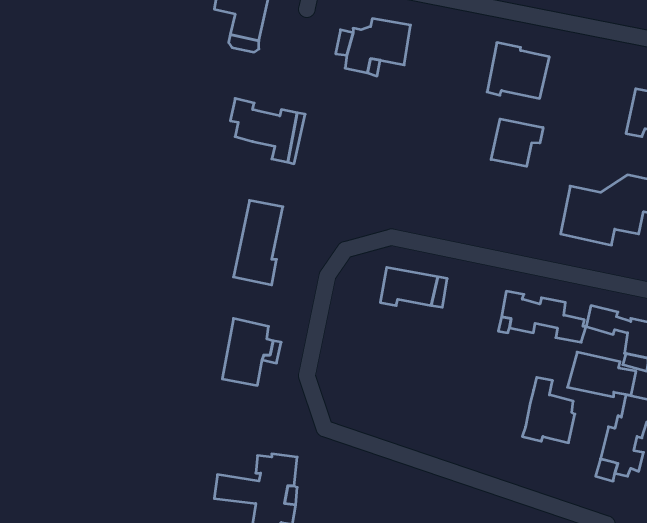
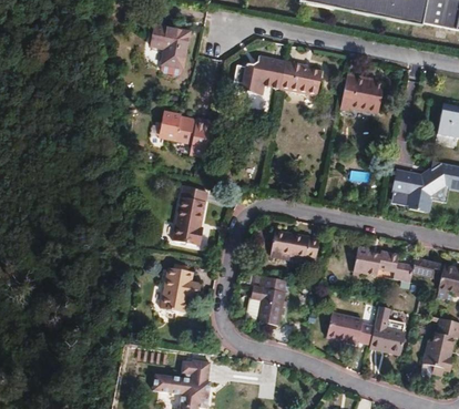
building: none -> [286,60,327,94]
building: [491,119,543,166] -> none
building: none -> [246,274,287,324]
building: [567,352,636,397] -> [326,309,374,340]

